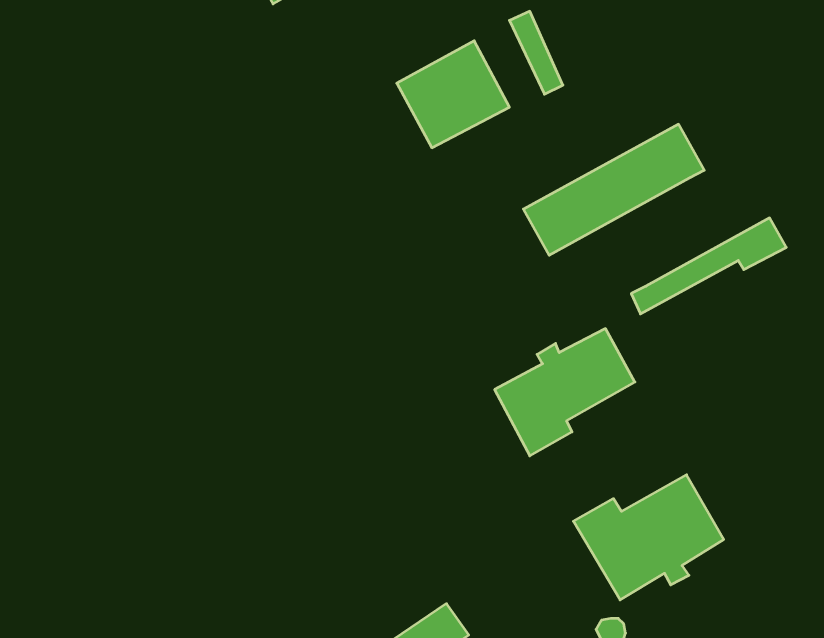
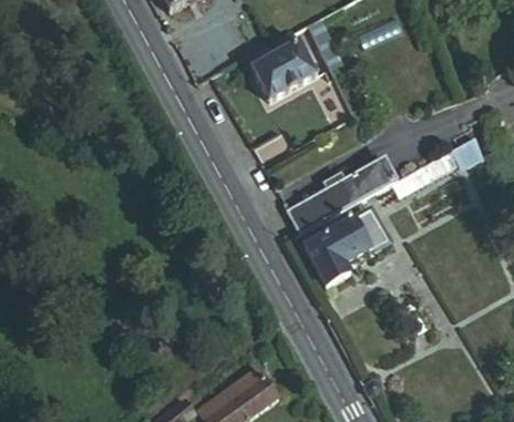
building: [523,124,704,255] -> [286,154,394,233]
building: [573,475,724,600] -> none

